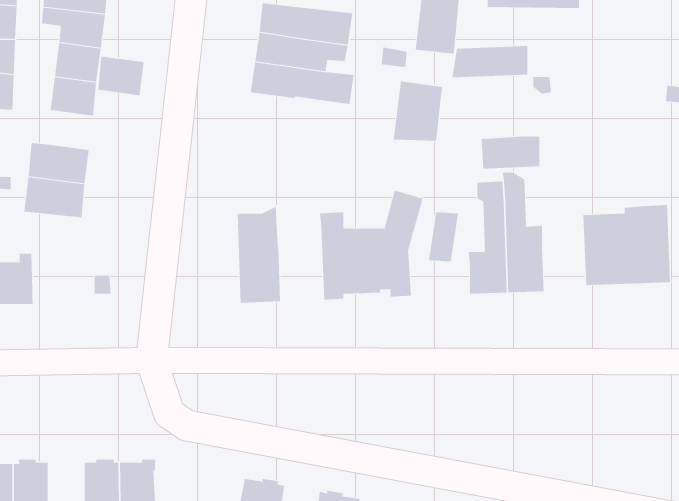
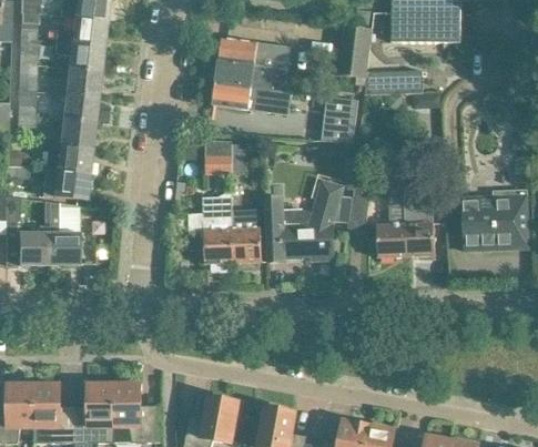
building: [97,56,145,96] -> [60,119,95,149]
building: [481,136,540,170] -> none
building: none -> [206,140,233,174]
building: none -> [49,203,78,266]
building: none -> [234,211,262,263]

